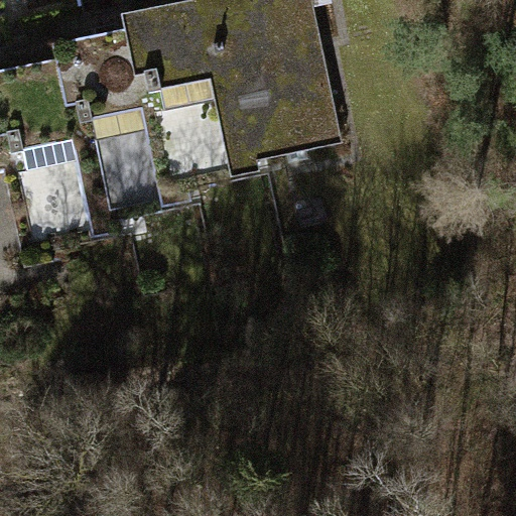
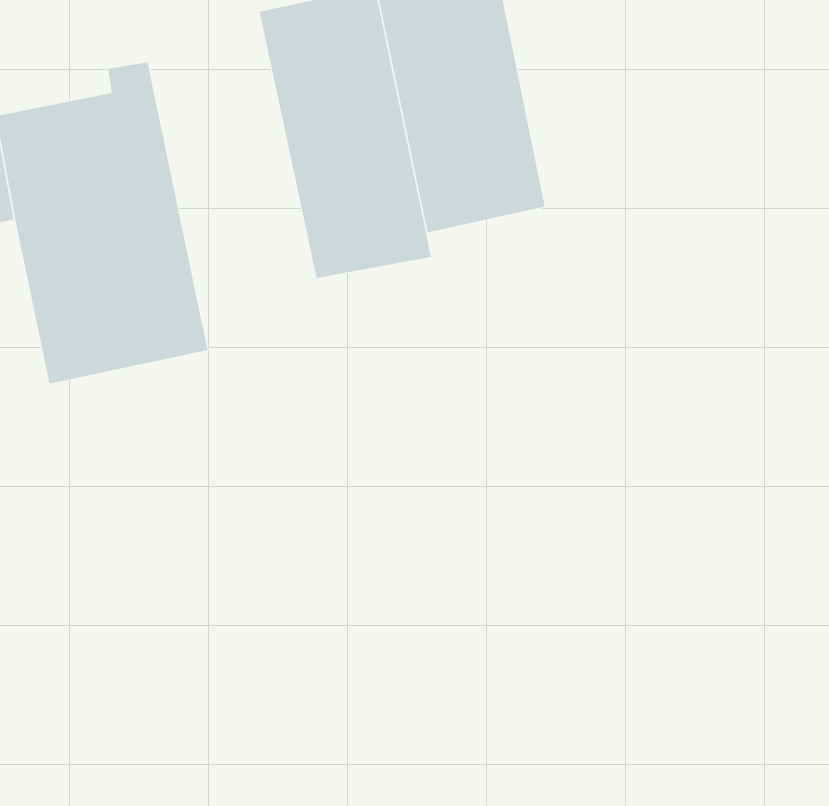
building: [92,7,200,203] -> none

